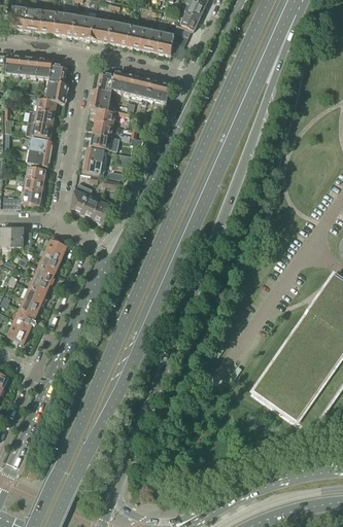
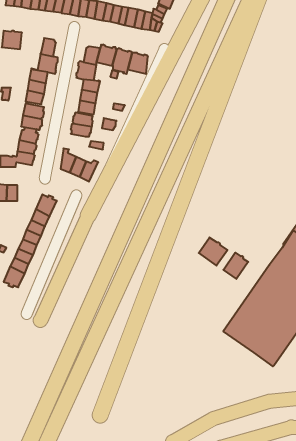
building: [26,56,53,77] -> none
building: none -> [199,237,227,266]
building: none -> [223,253,248,279]

